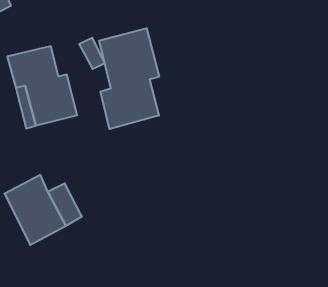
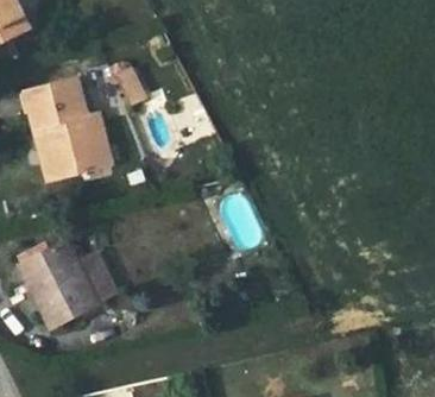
building: [99,28,159,129] -> none

